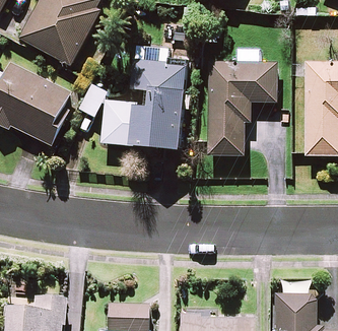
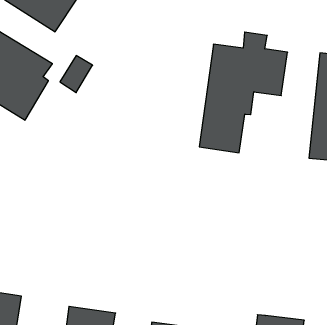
building: [103,46,185,147] -> none

